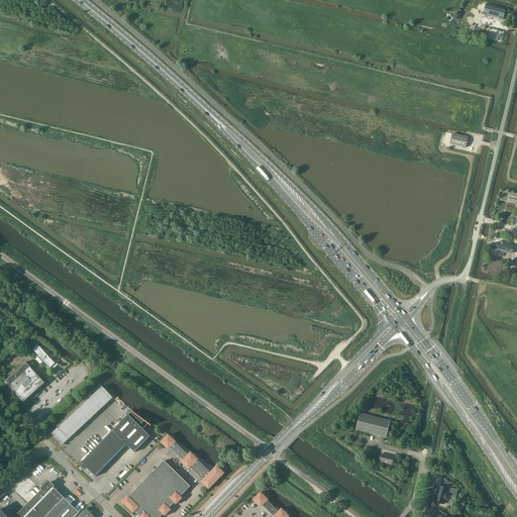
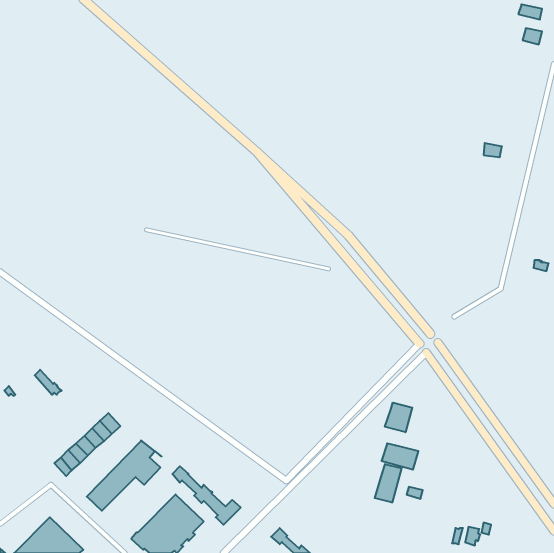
building: [4,361,44,402] -> none
building: none -> [385,403,412,432]
building: none -> [375,464,402,503]

